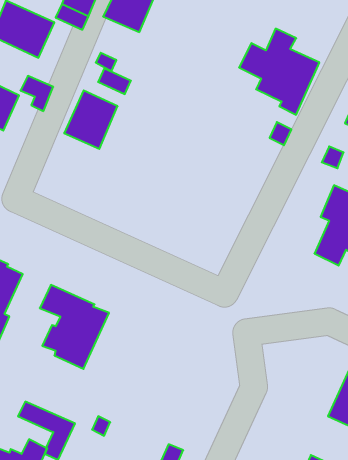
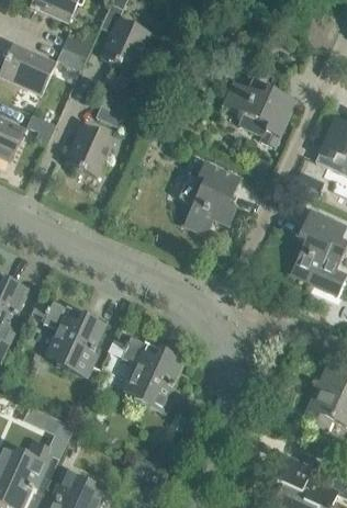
building: none -> [178,159,240,235]
building: none -> [121,336,183,411]

